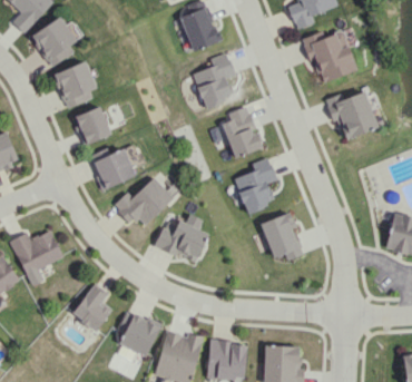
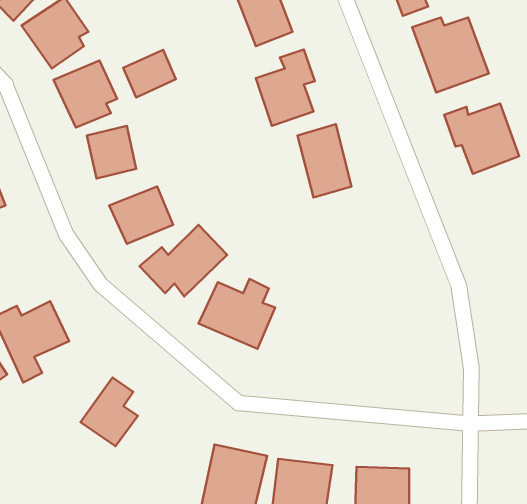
building: none -> [123,50,176,97]
building: [235,157,276,213] -> none
building: [261,213,304,261] -> none
building: [117,308,160,357] -> none

